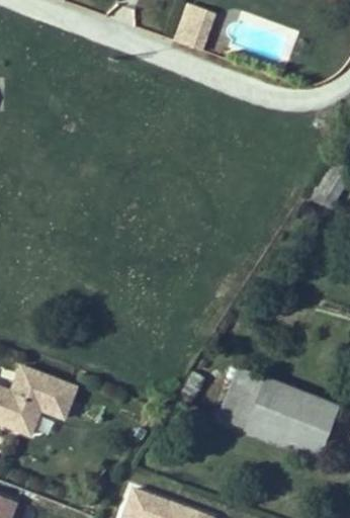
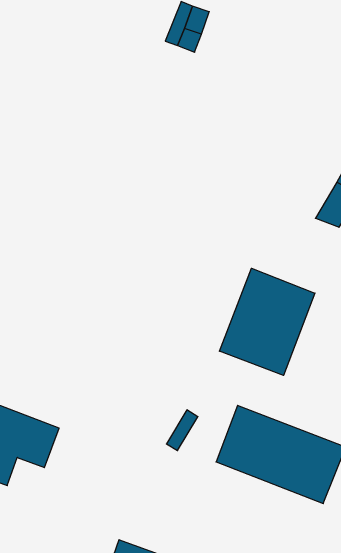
building: none -> [219,268,315,375]

